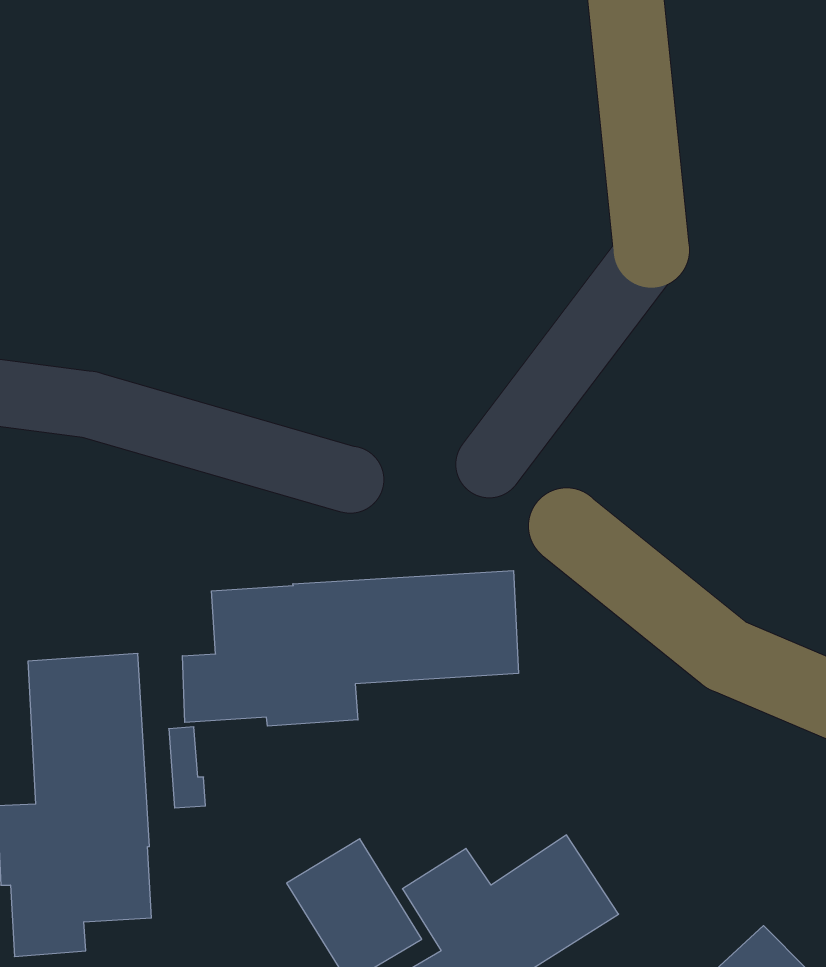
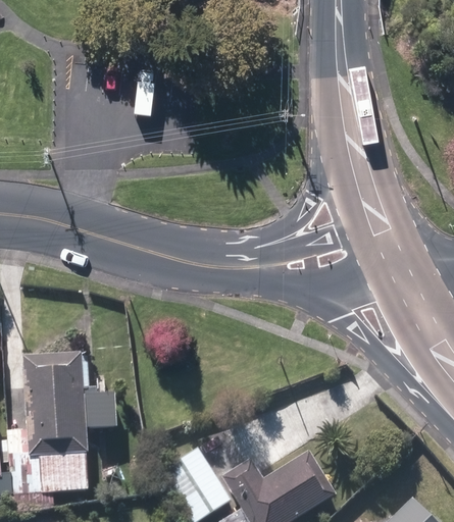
building: [182,571,518,726] -> none

